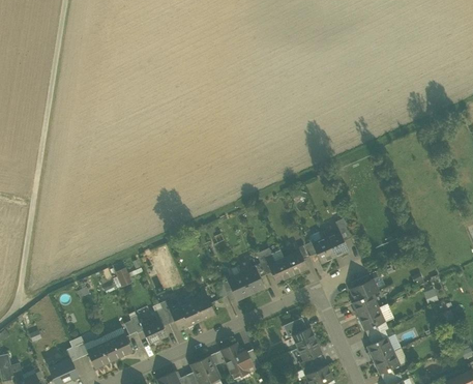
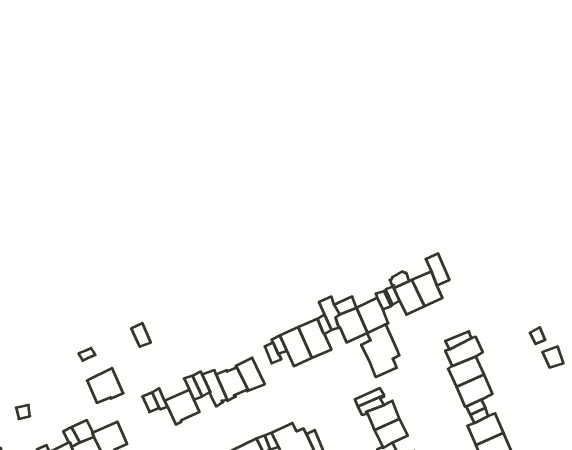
building: none -> [361,324,399,377]
building: [105,332,131,358] -> [87,368,123,403]

